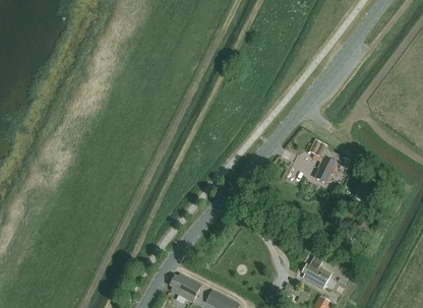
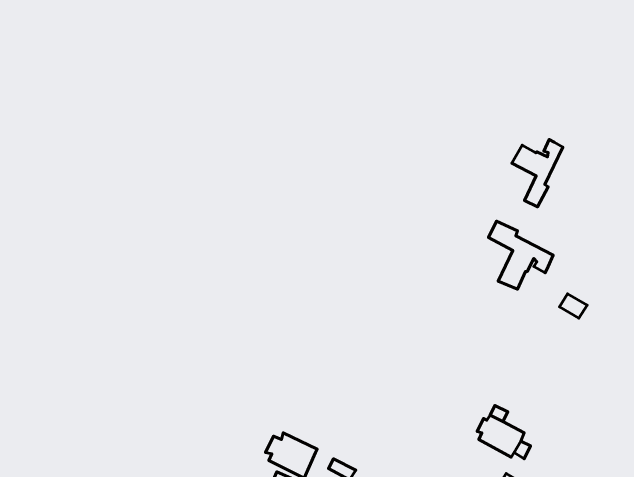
building: none -> [512,139,563,207]

